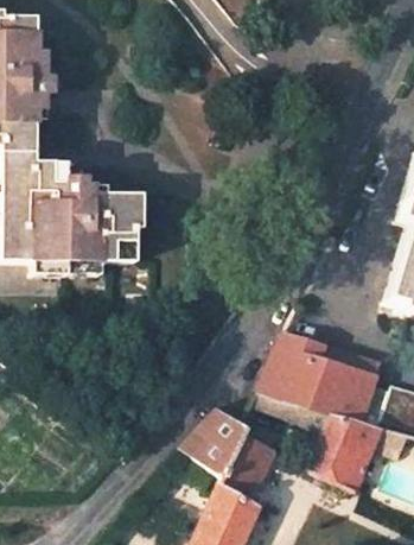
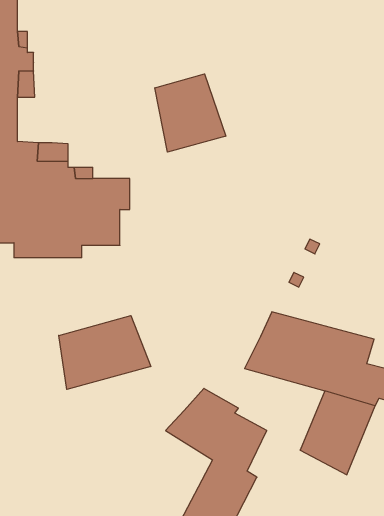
building: none -> [155,74,226,152]
building: none -> [59,316,151,389]

